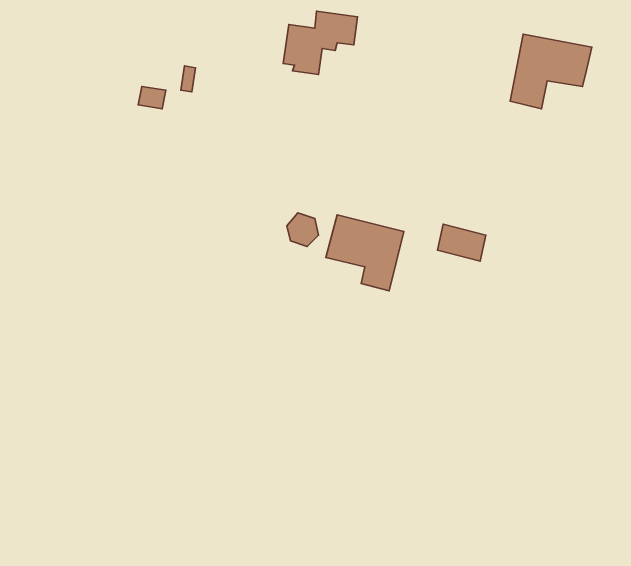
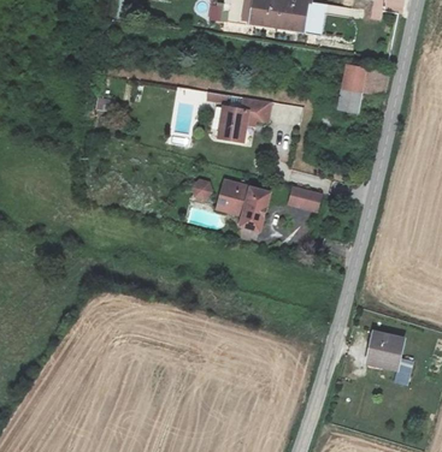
building: [283,11,358,75] -> [220,100,269,141]
building: none -> [366,332,403,371]

